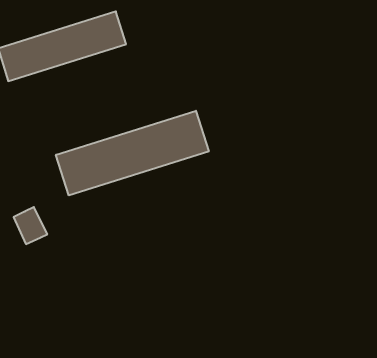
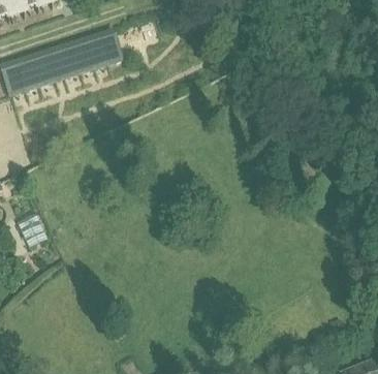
building: [56,111,209,195] -> none

